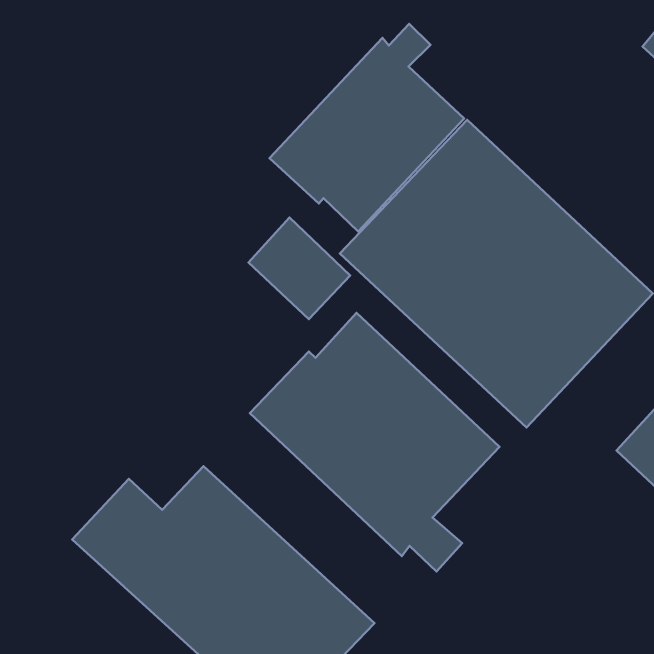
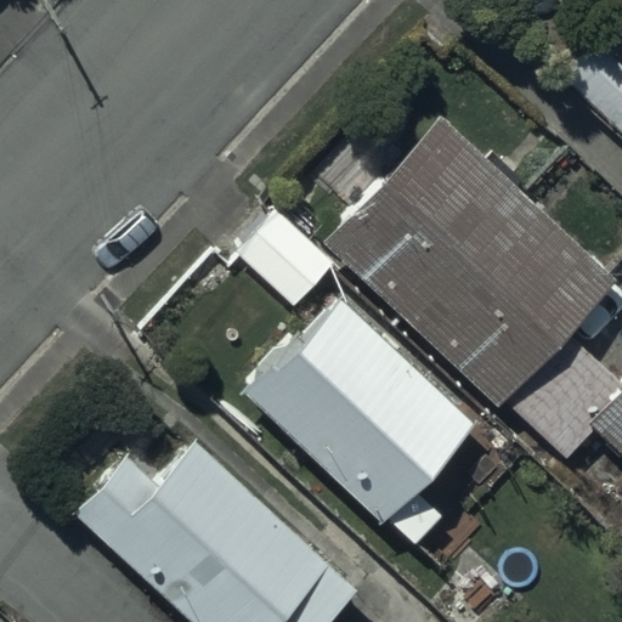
building: [270,24,464,231] -> none

